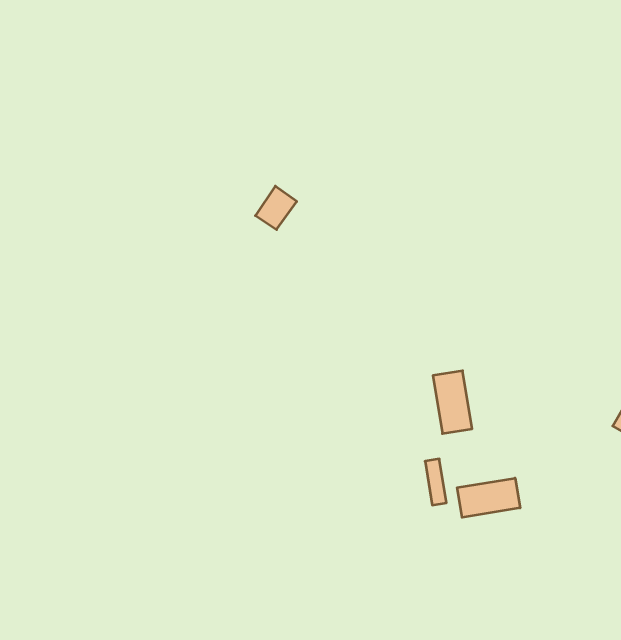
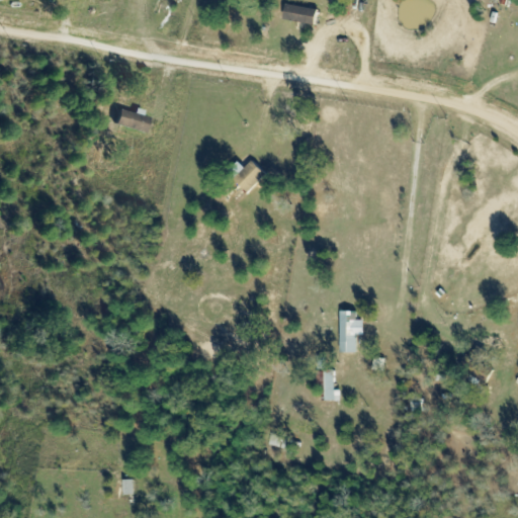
building: none -> [113,110,147,131]
building: [457,478,520,517] -> none

